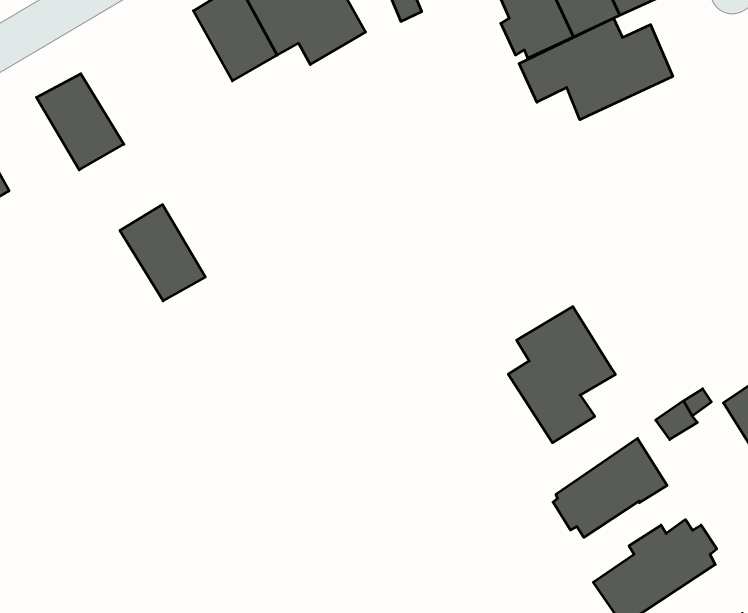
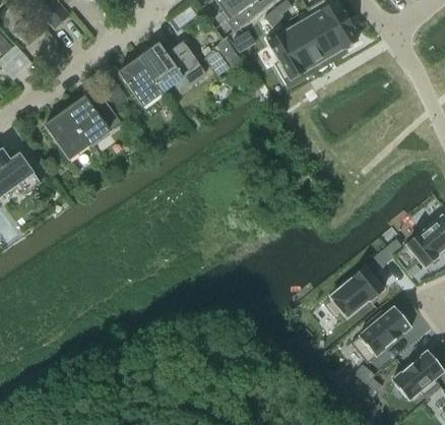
building: [519,18,673,120] -> none
building: [120,205,205,301] -> [65,95,111,143]
building: [508,307,615,443] -> none

